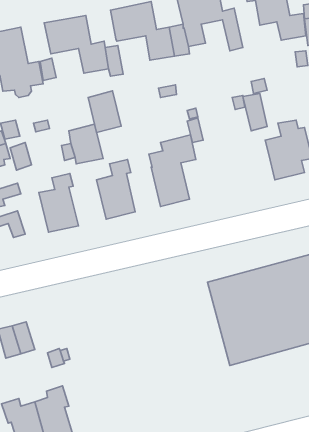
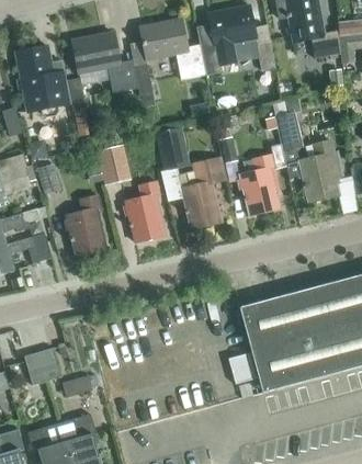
building: [88,91,121,133] -> [156,128,190,171]
building: none -> [239,155,280,215]

